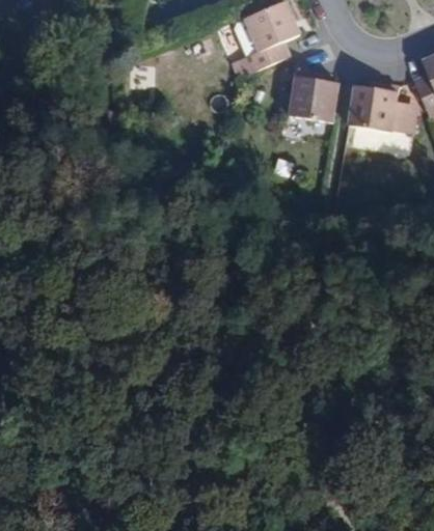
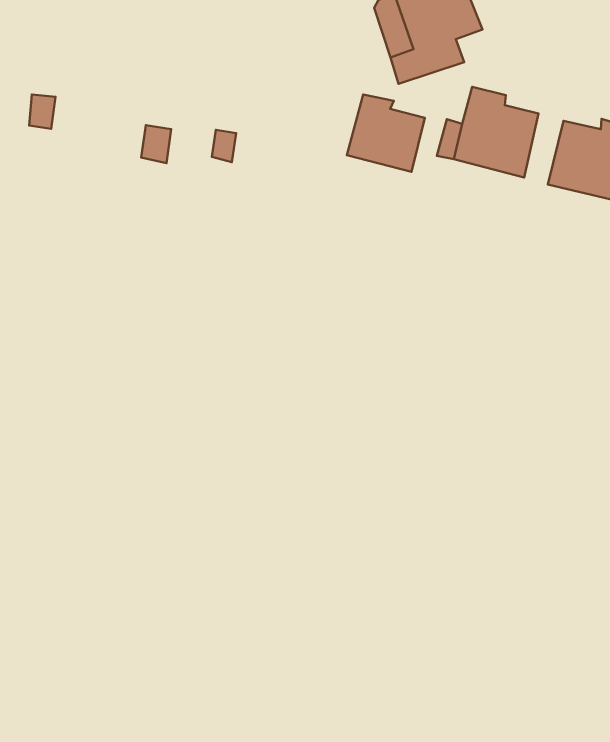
building: none -> [347,95,425,172]

